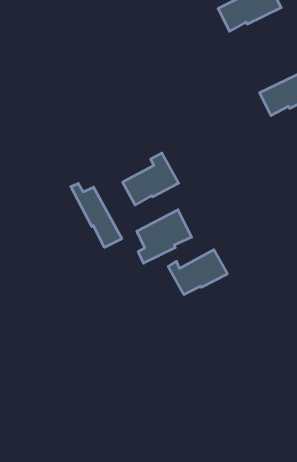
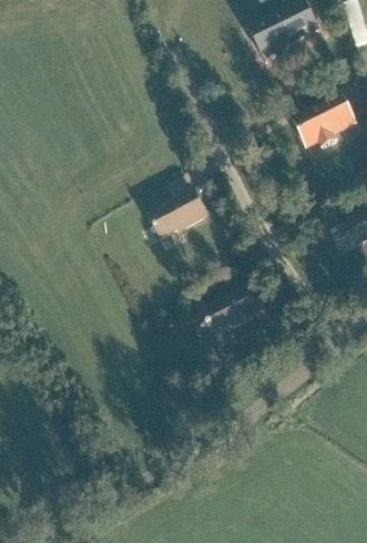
building: [71,183,122,247] -> none
building: [137,210,192,263] -> none

